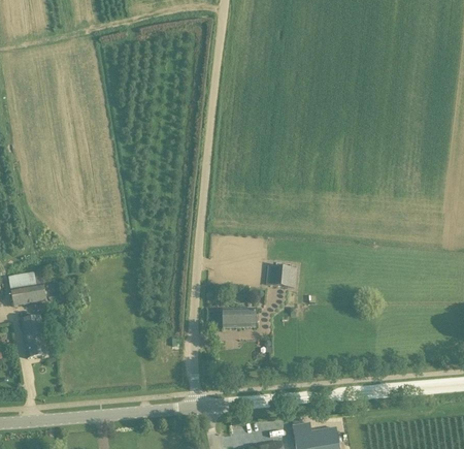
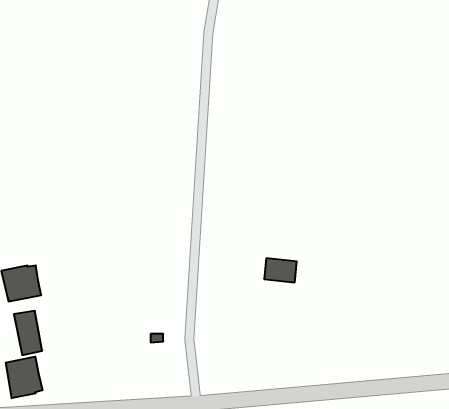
building: [222,307,255,326] -> none
building: none -> [6,357,42,398]

